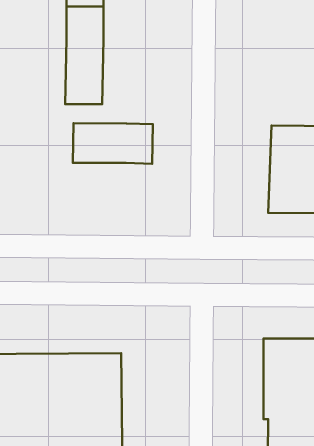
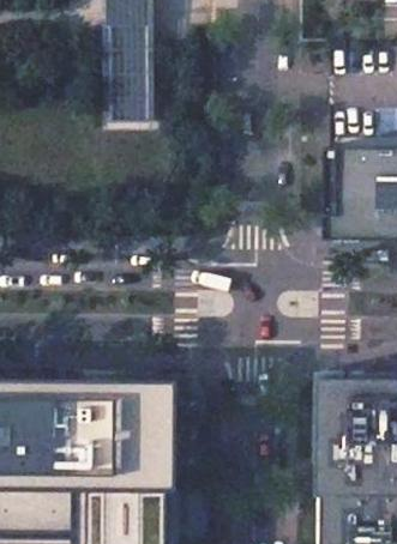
building: [73,123,153,164] -> none

